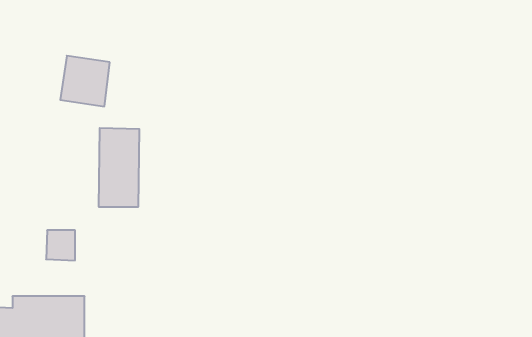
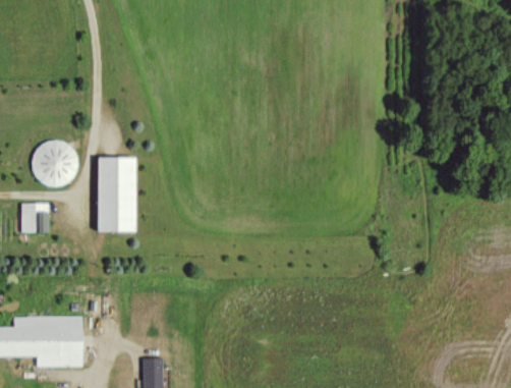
building: [60,56,110,106] -> [32,140,78,187]
building: [46,230,75,260] -> [21,205,49,233]

